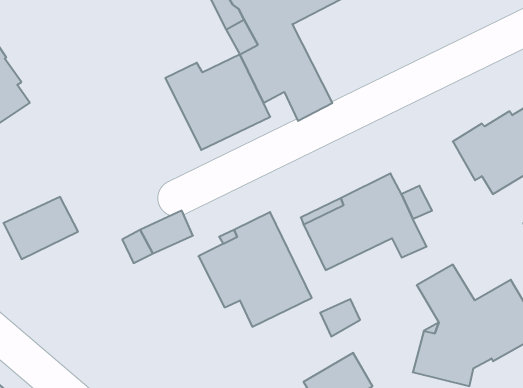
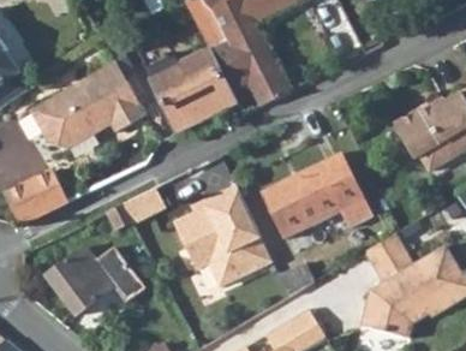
building: none -> [30,63,147,150]
building: none -> [47,245,145,315]

